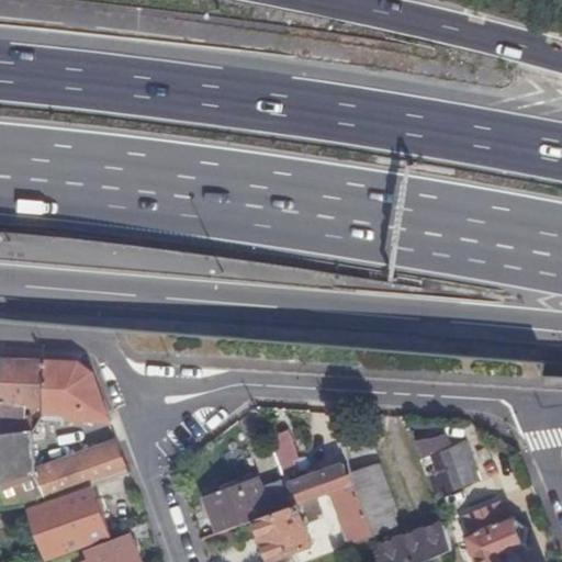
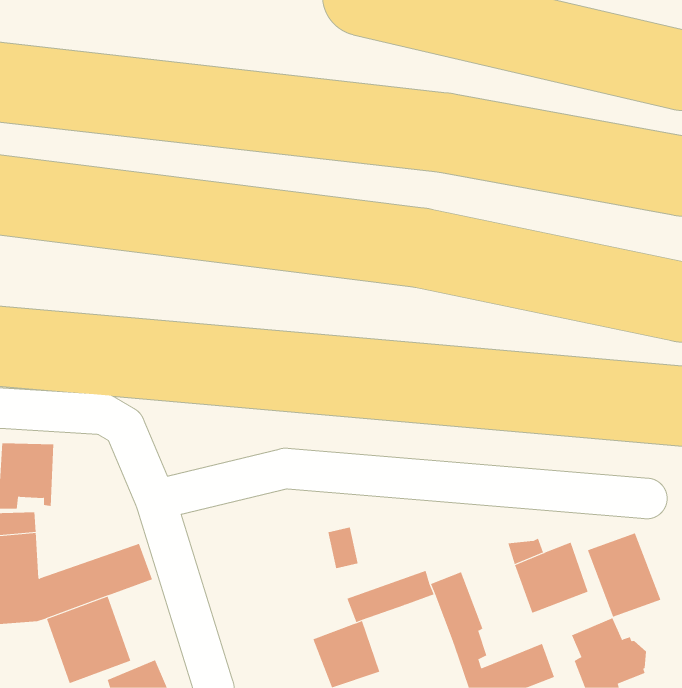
building: [42,360,105,418] -> none
building: none -> [587,532,661,618]
building: [205,480,289,530] -> none
building: [328,482,371,542] -> none

